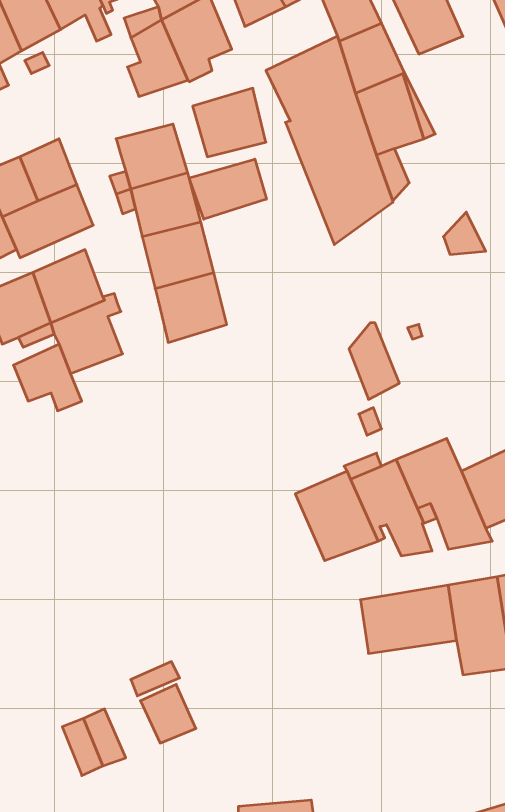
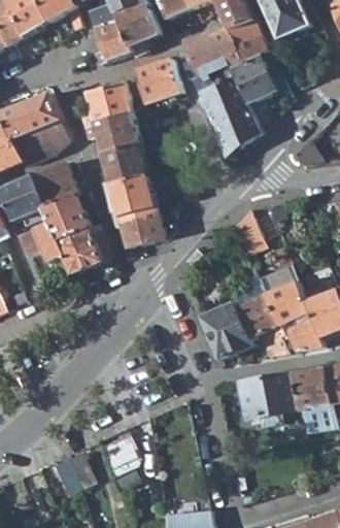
building: [189,159,266,219] -> none
building: none -> [117,207,163,248]
building: none -> [56,226,108,273]

